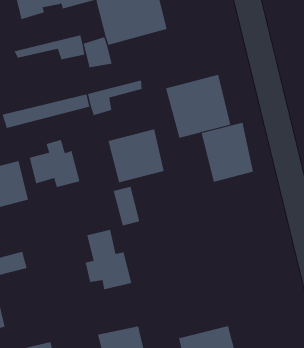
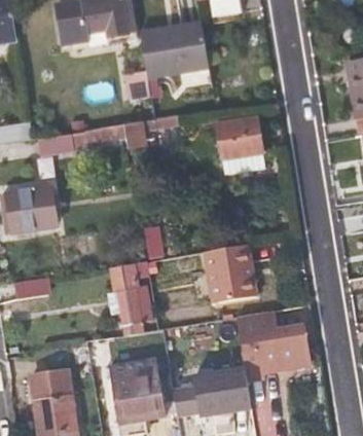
building: [14,35,85,60] -> none
building: [201,122,254,182] -> [206,244,255,301]
building: [108,129,164,183] -> none
building: [29,139,80,188] -> none
building: none -> [235,312,308,374]

